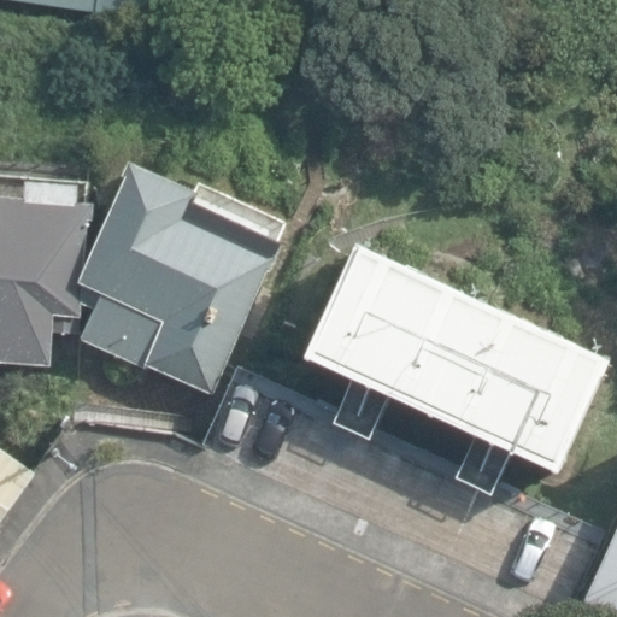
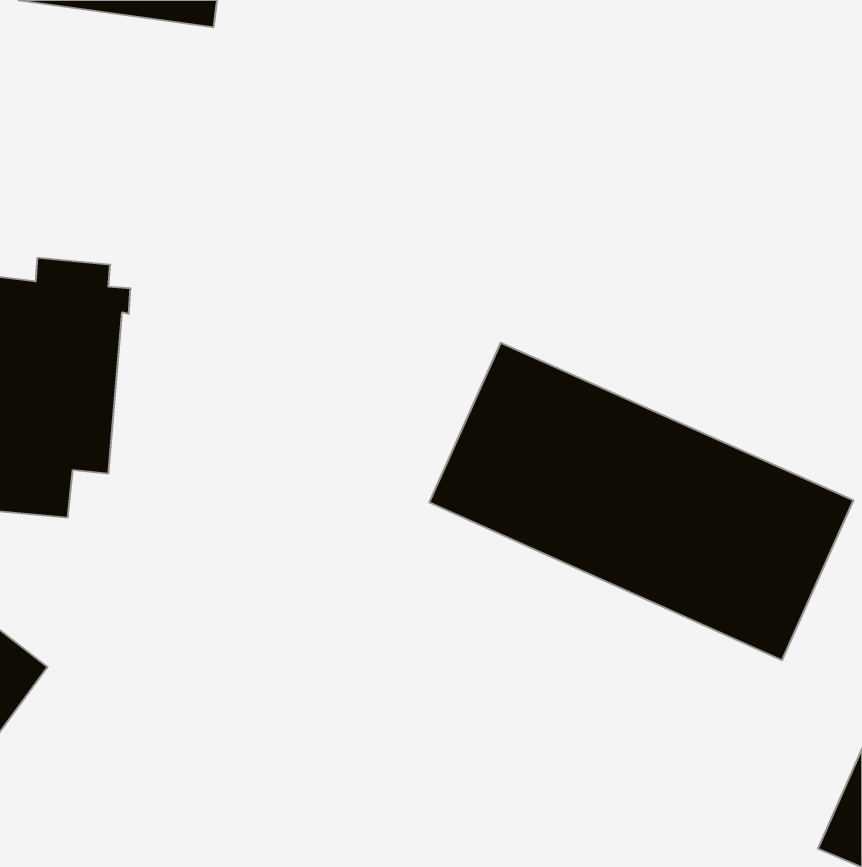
building: [83,166,277,393] -> none

